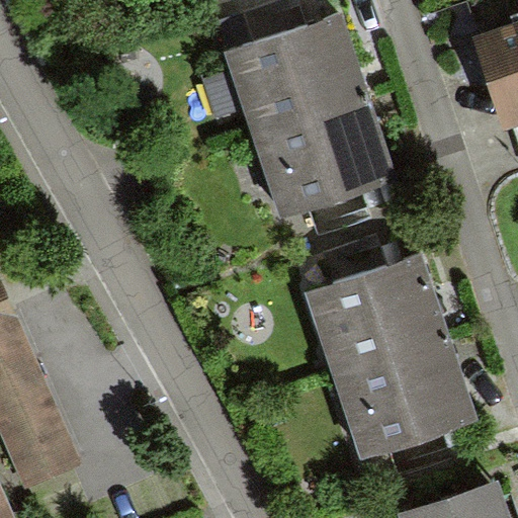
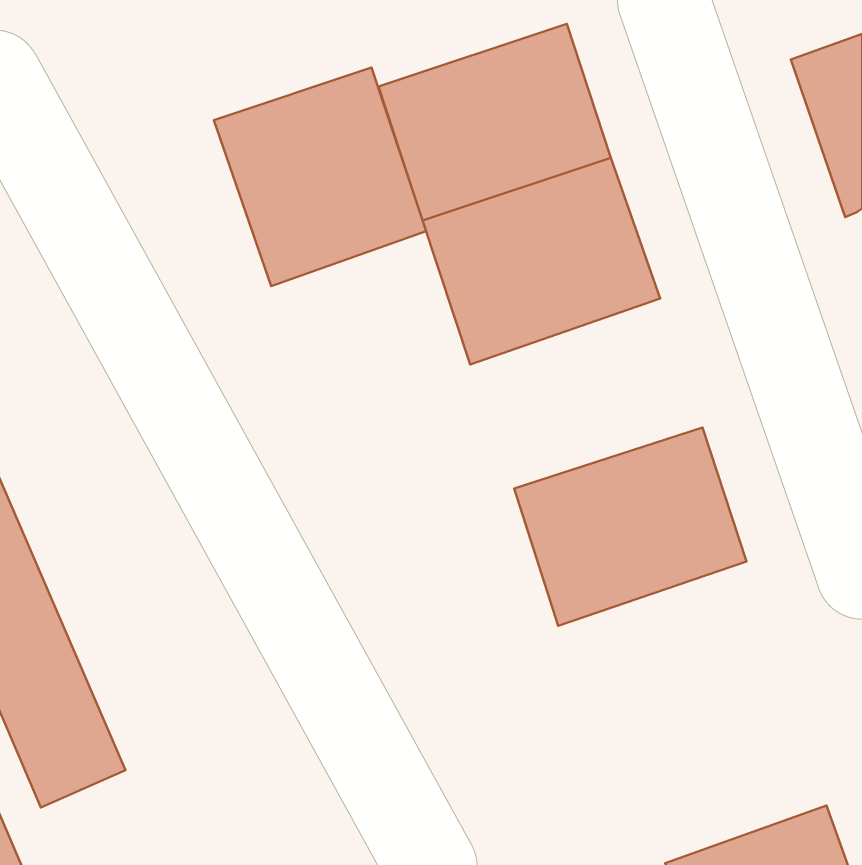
building: none -> [214,67,426,286]
building: [333,336,473,456] -> none

